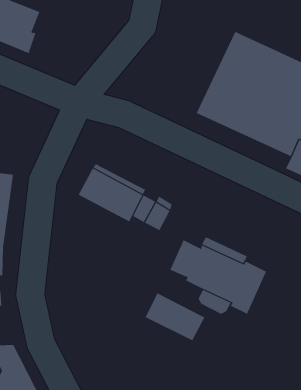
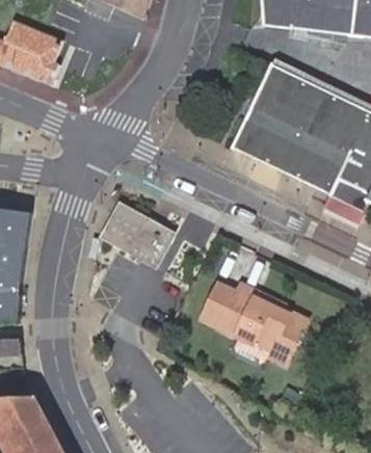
building: [145,293,205,341] -> none

